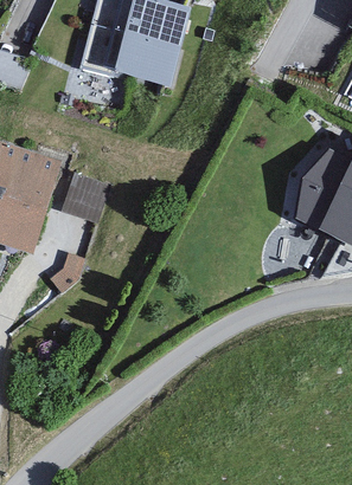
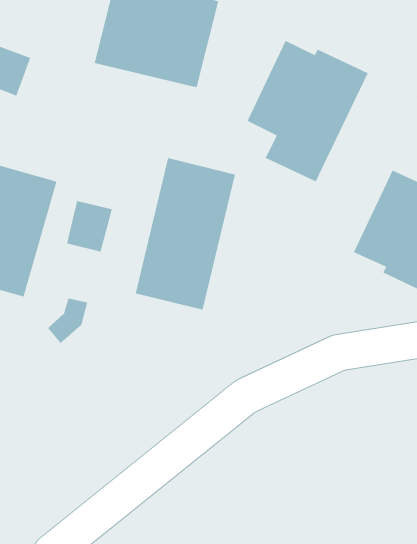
building: none -> [247,40,369,182]
building: none -> [135,157,236,311]

